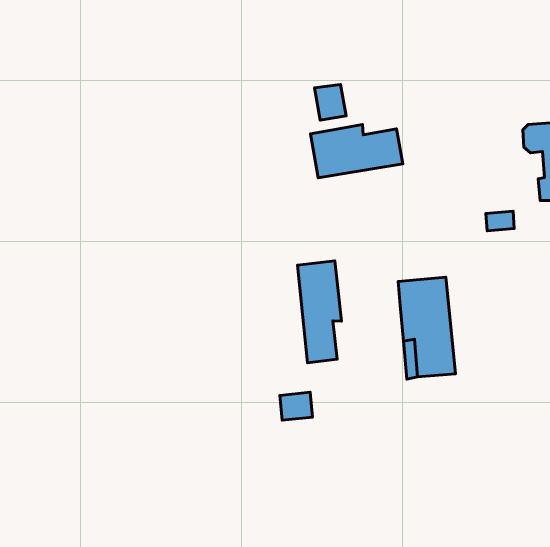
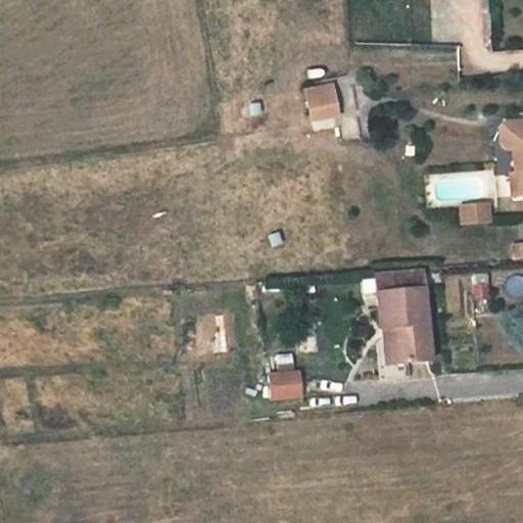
building: [310,125,403,178] -> none
building: [298,261,341,363] -> none

